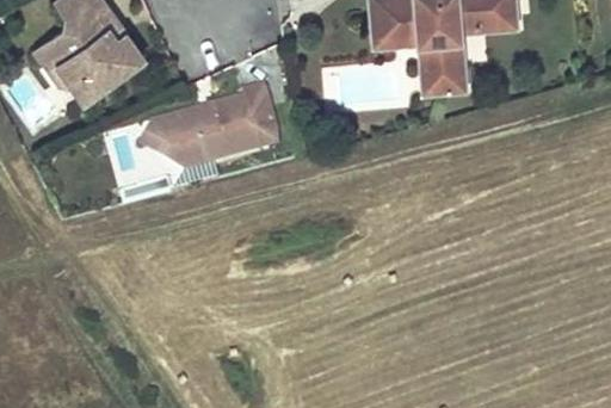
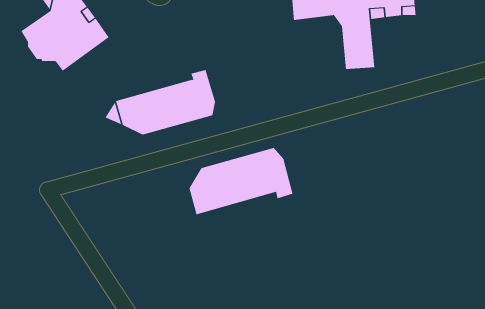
building: [369,30,432,95] -> none
building: none -> [189,147,293,215]

